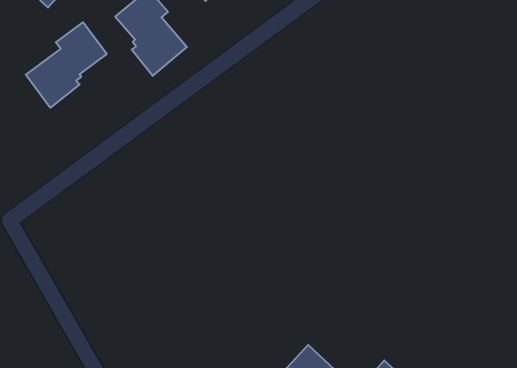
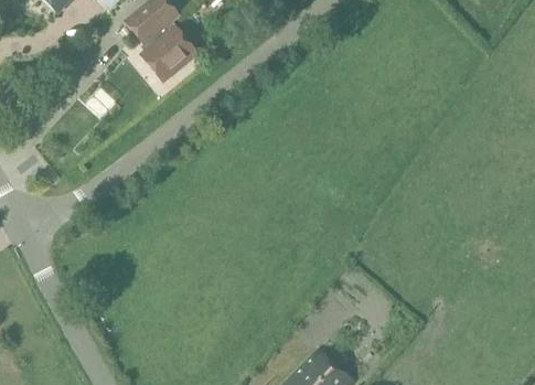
building: [26,22,107,108] -> none

